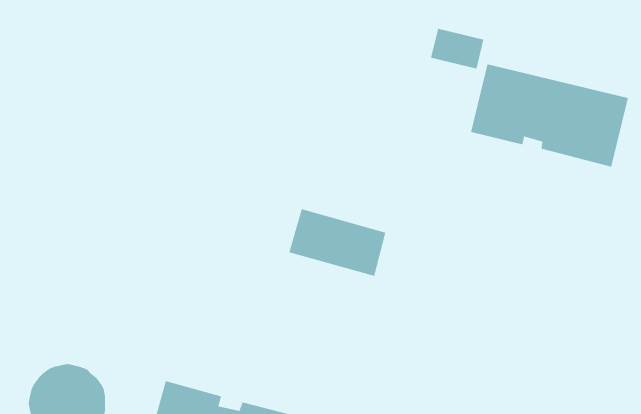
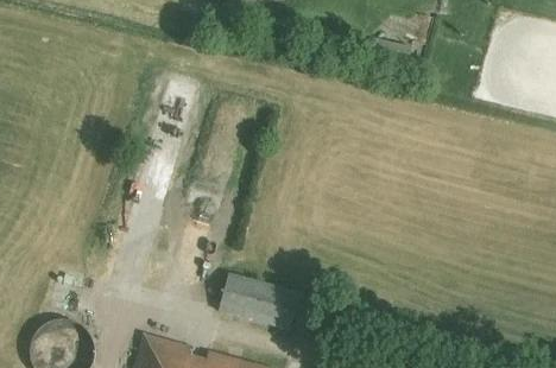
building: [471,63,628,168] -> none
building: [289,209,386,276] -> [216,273,298,330]

